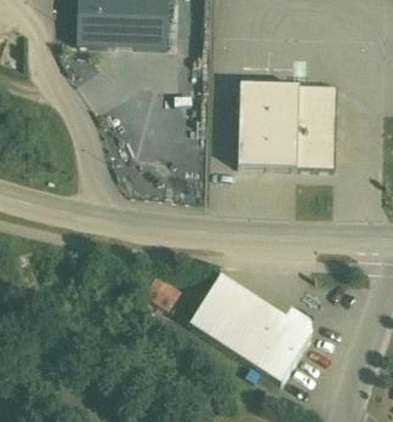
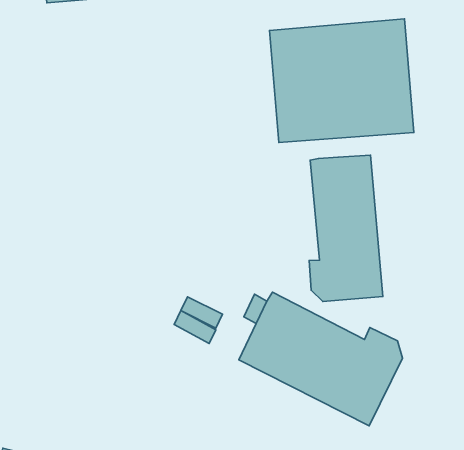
building: none -> [309,155,383,301]

